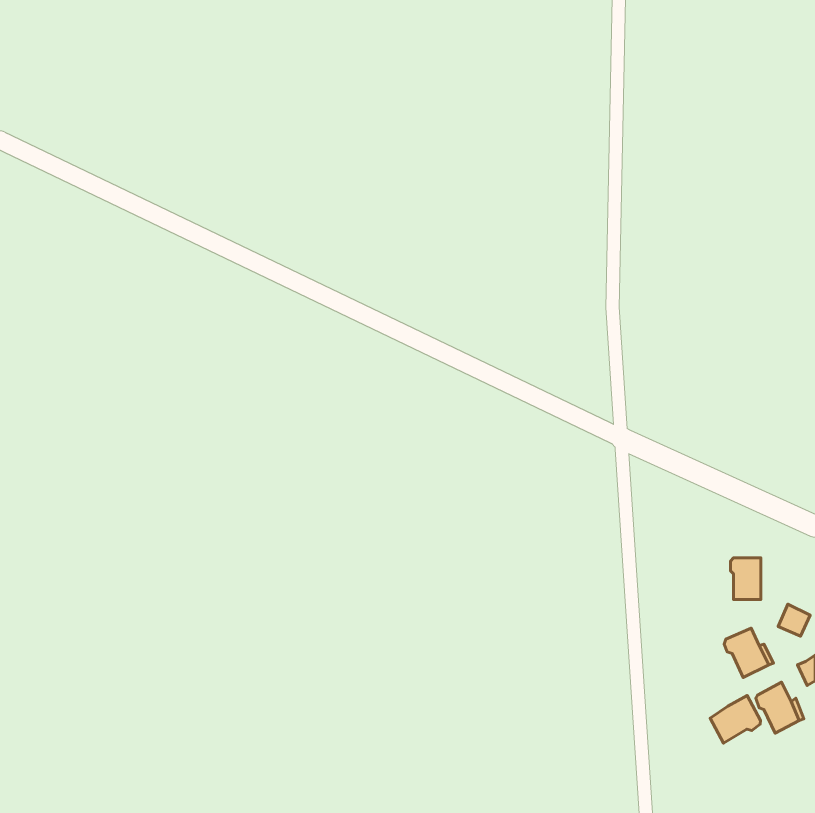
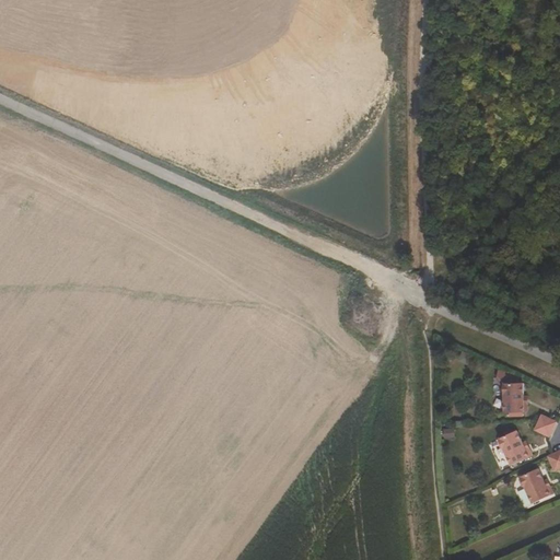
building: [710,695,760,743] -> none

